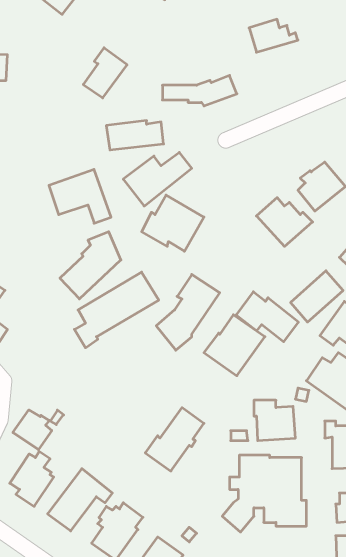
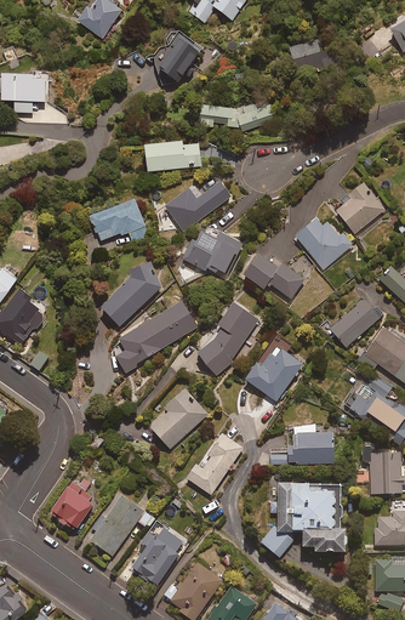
building: [83,48,127,98] -> [161,36,205,86]
building: [236,292,298,342] -> [244,250,306,300]
building: none -> [150,385,209,448]
building: [13,410,52,450] -> none

